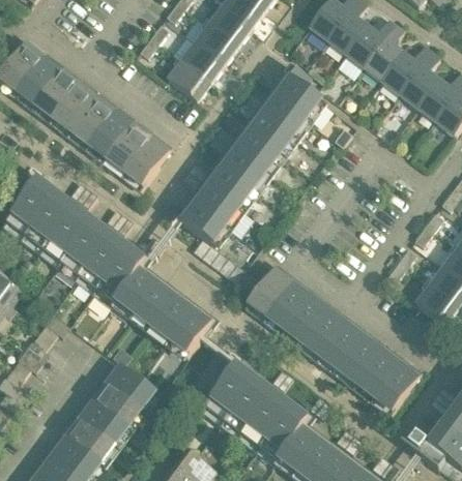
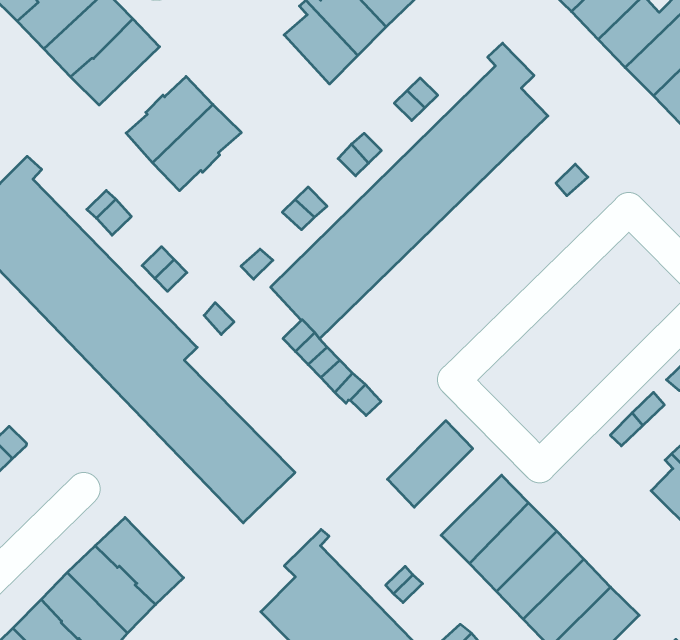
building: [69,93,116,145] -> none
building: [122,134,170,186] -> none
building: [247,265,293,318] -> none
building: [283,293,329,344] -> none

